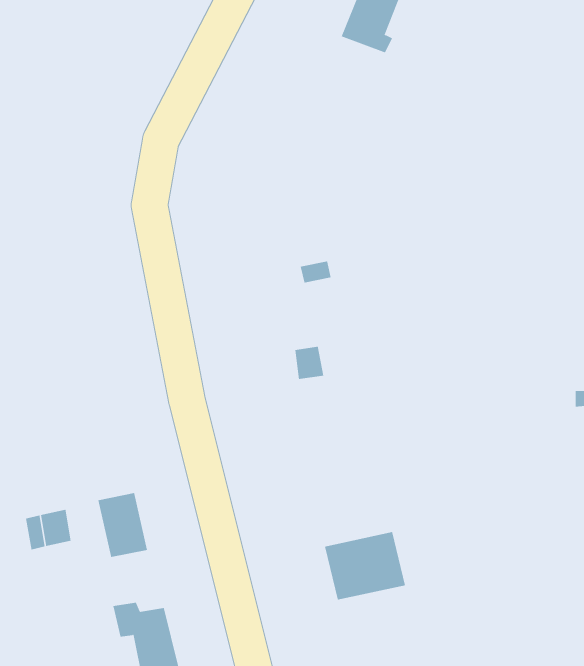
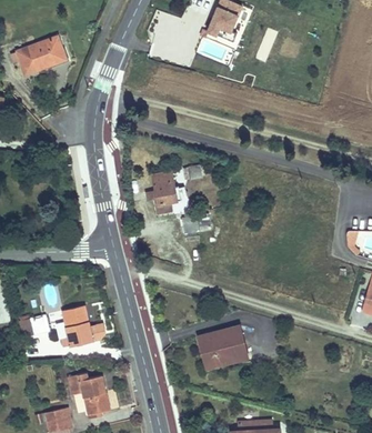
building: none -> [17,33,63,69]
building: none -> [144,172,177,214]

